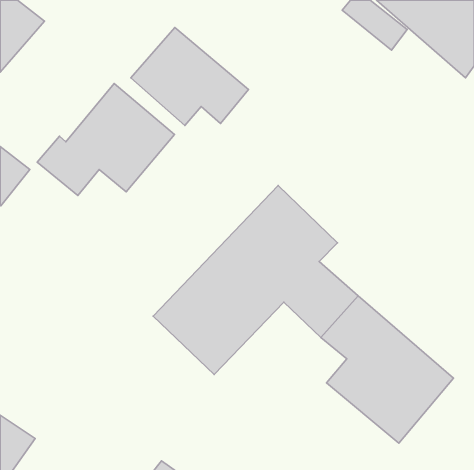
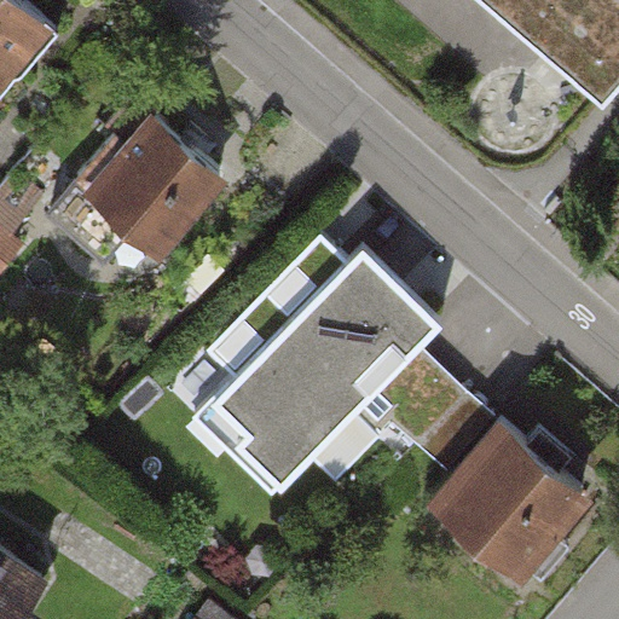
building: [131,27,248,125] -> none

